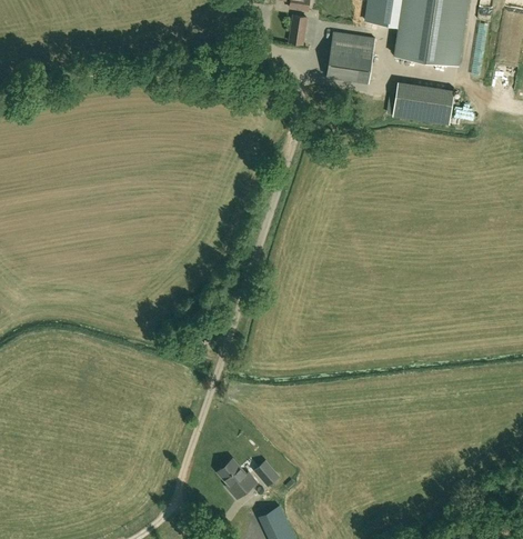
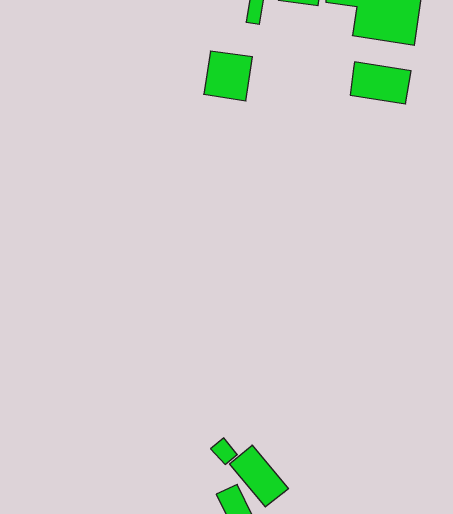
building: [326,33,375,83] -> [204,51,252,101]
building: [219,460,255,498] -> none
building: none -> [230,445,288,507]

